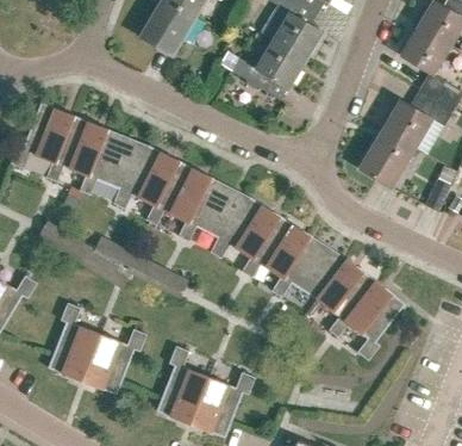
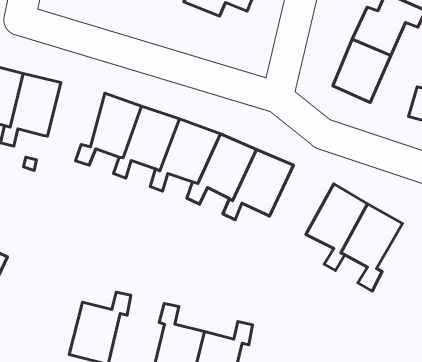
building: [79,130,148,196] -> none
building: [270,236,346,302] -> none
building: [46,303,100,382] -> none

